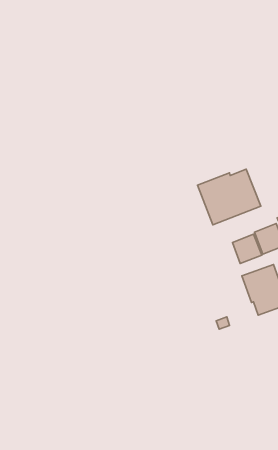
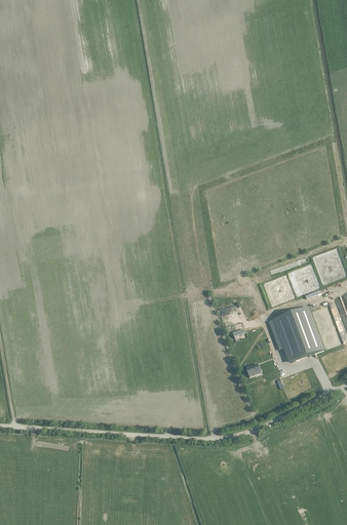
building: [198,169,261,225] -> none

